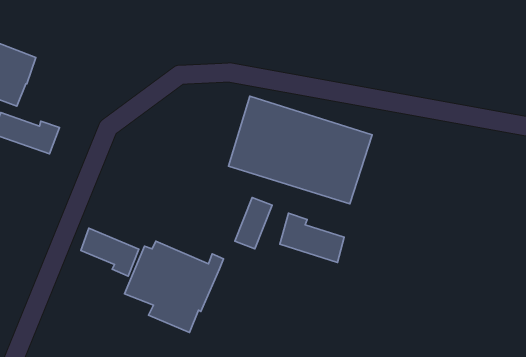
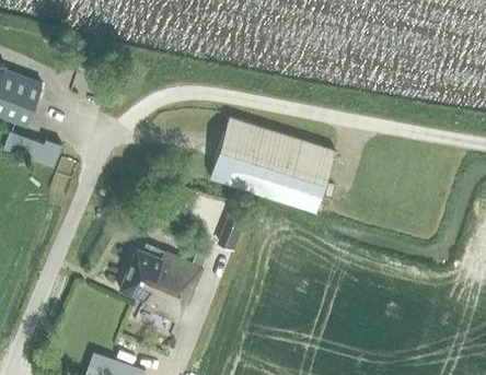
building: [280,213,344,262] -> none
building: [81,228,139,276] -> none

